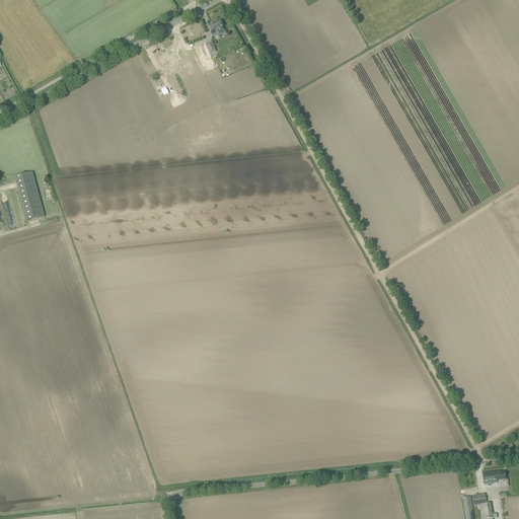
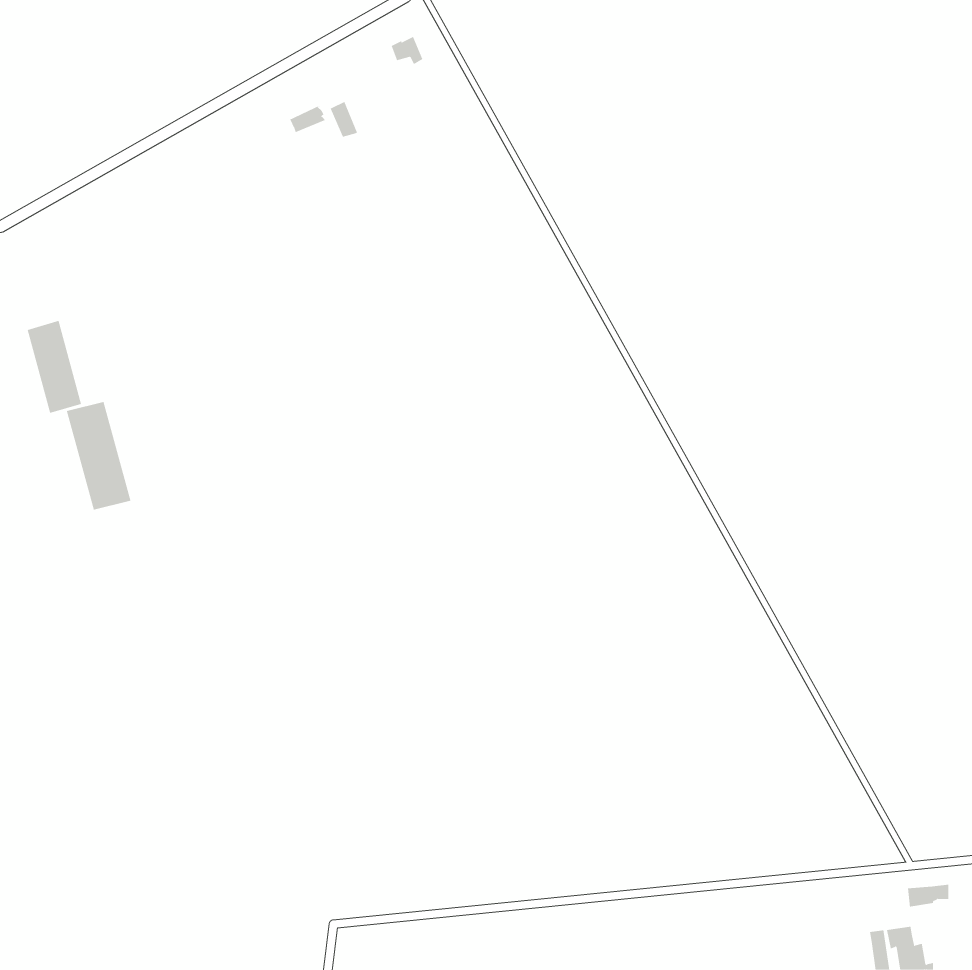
building: none -> [66,401,131,510]

